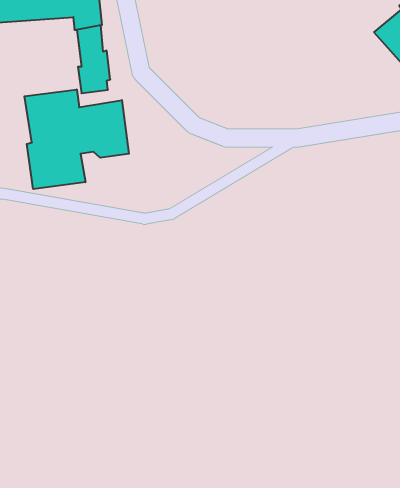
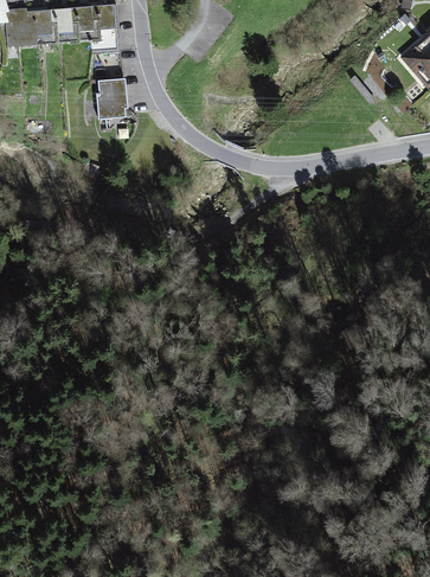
building: [24,89,129,189] -> none

